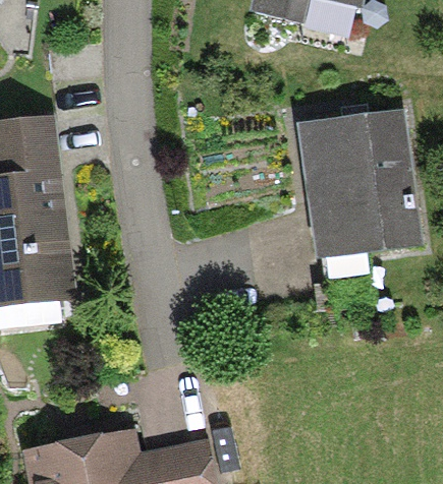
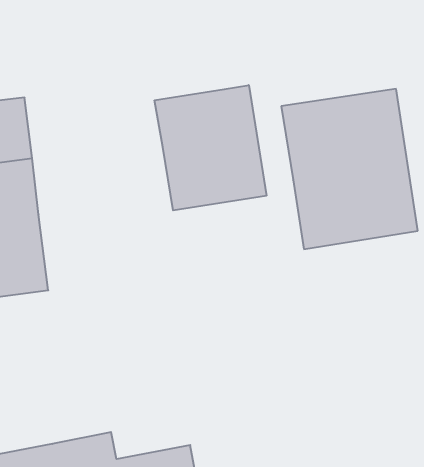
building: none -> [155,85,266,210]

